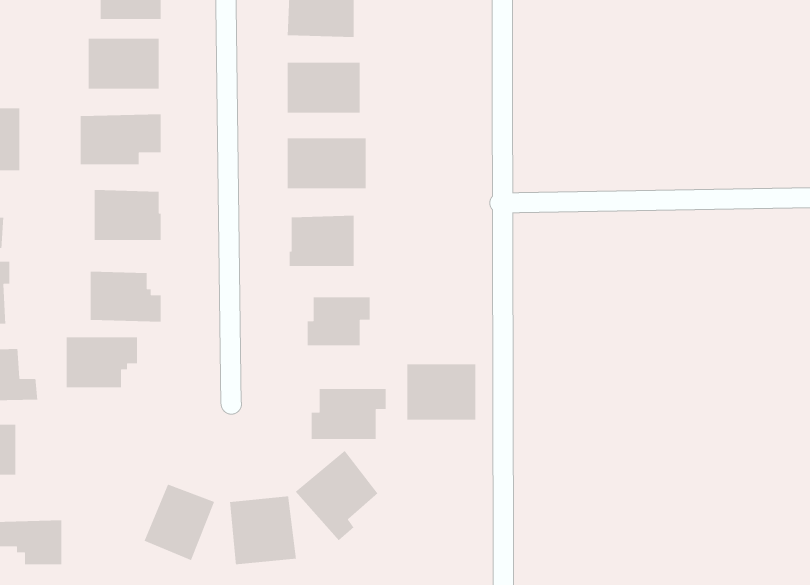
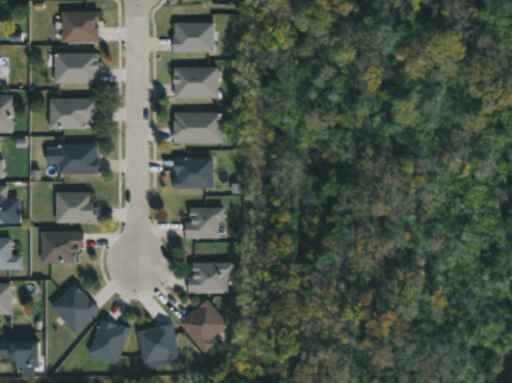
building: [407,363,476,421] -> none
building: none -> [50,284,100,334]

